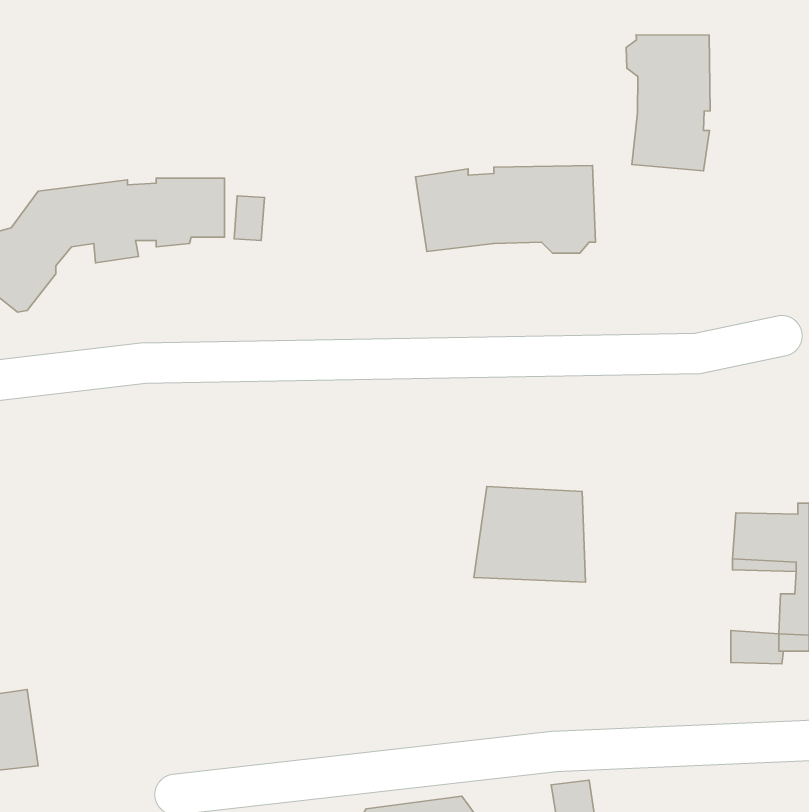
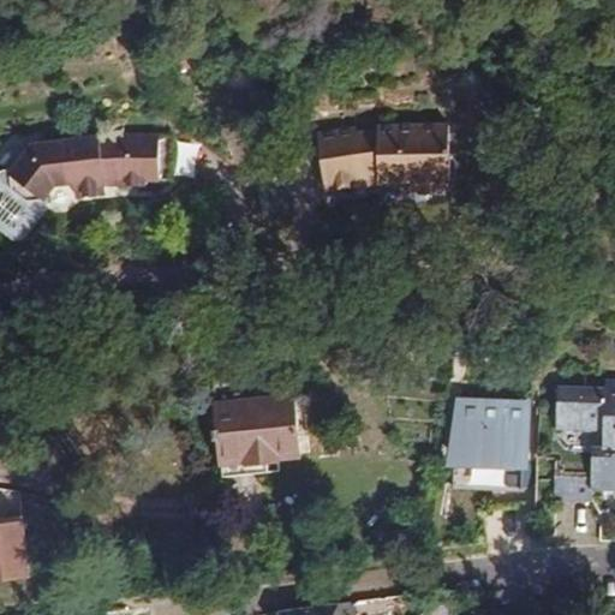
building: [626,35,710,171] -> none
building: [474,487,585,582] -> [452,396,536,468]
building: none -> [209,378,298,464]

